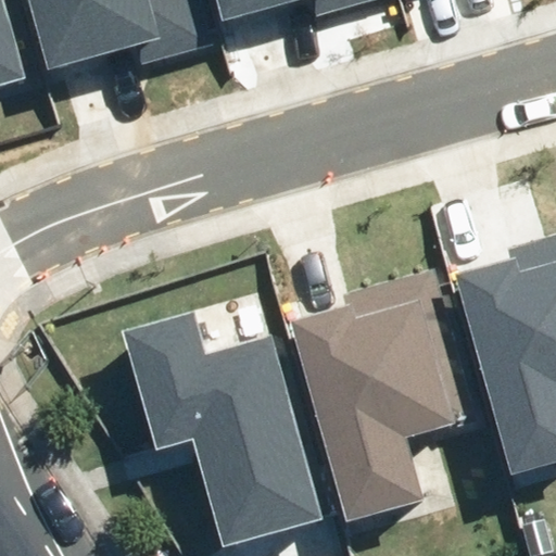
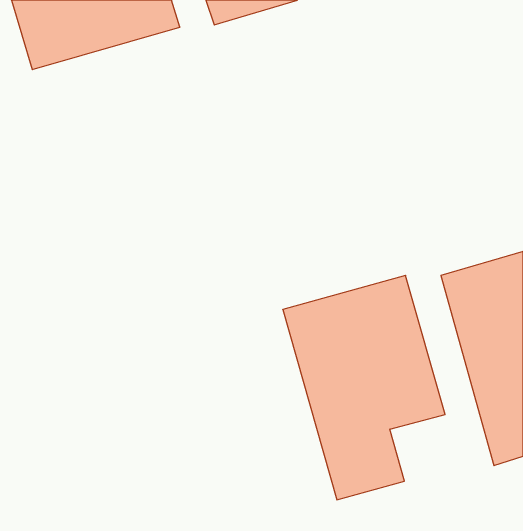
building: [119,304,309,511] -> none

